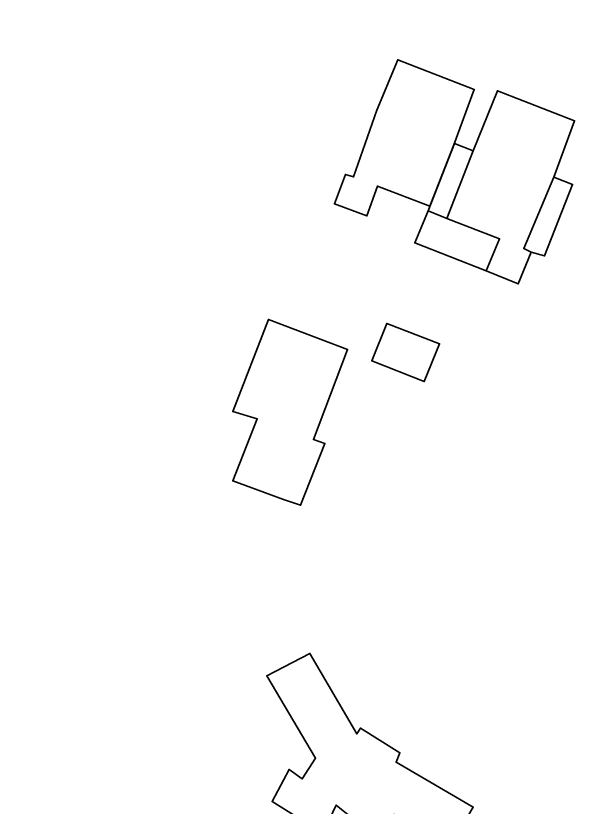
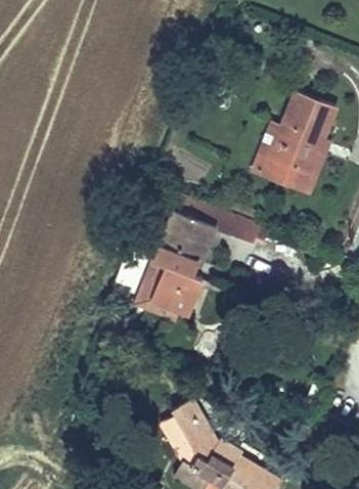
building: [335,60,474,216] -> none
building: none -> [134,263,178,321]

